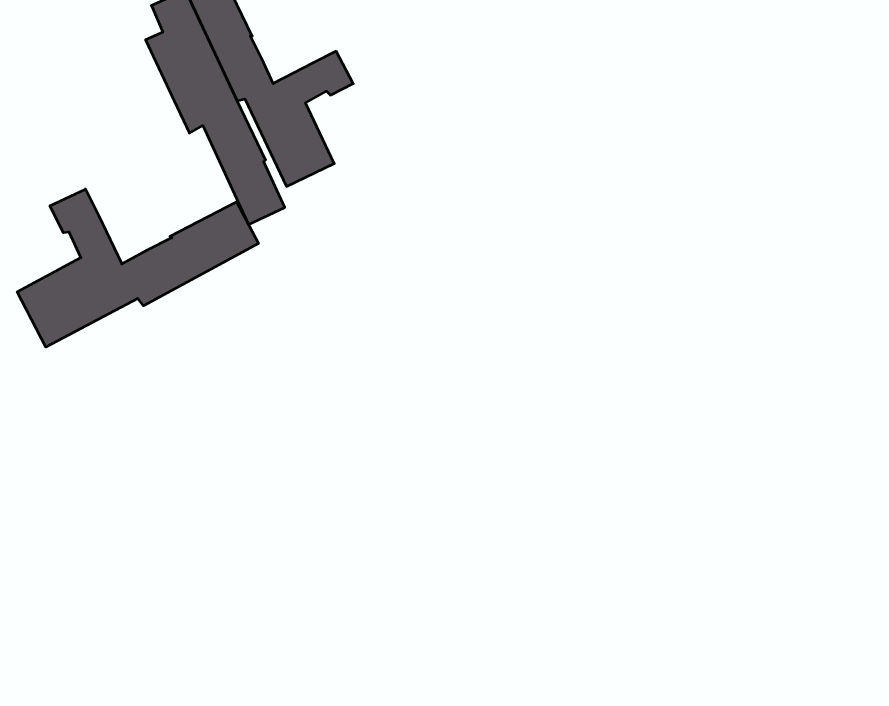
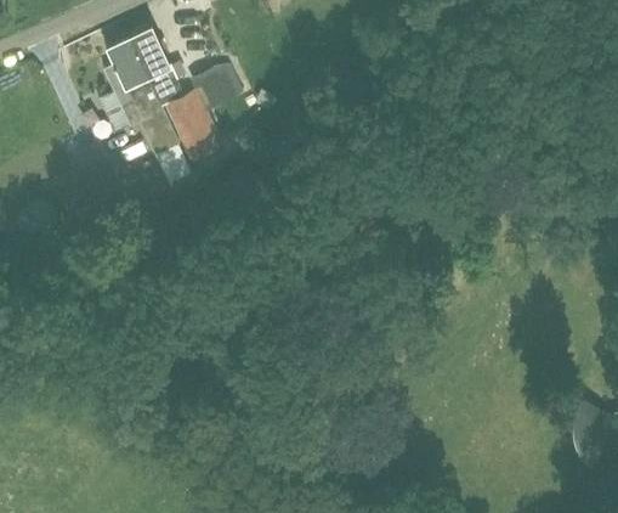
building: [17,189,258,347] -> none

